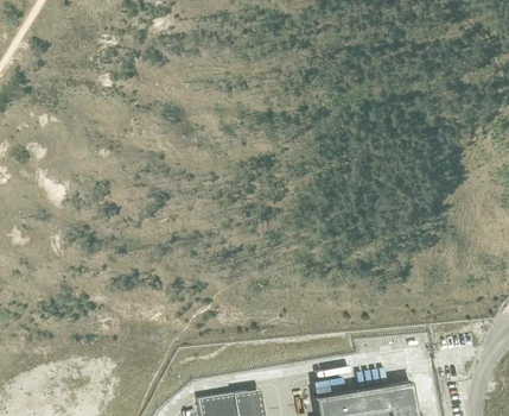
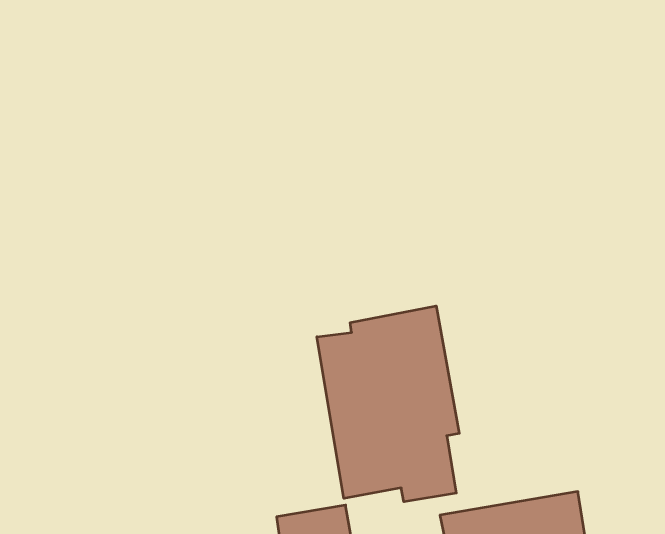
building: none -> [317,306,459,502]

